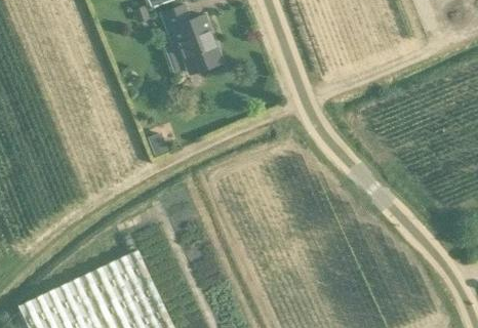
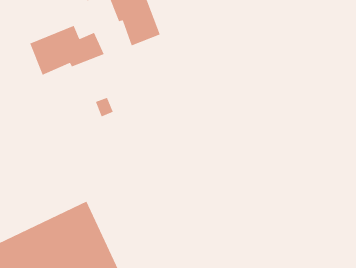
building: none -> [29,25,105,76]

